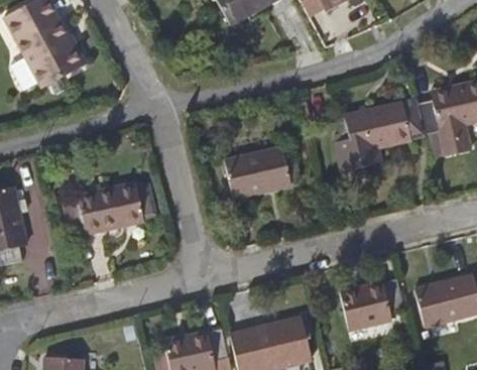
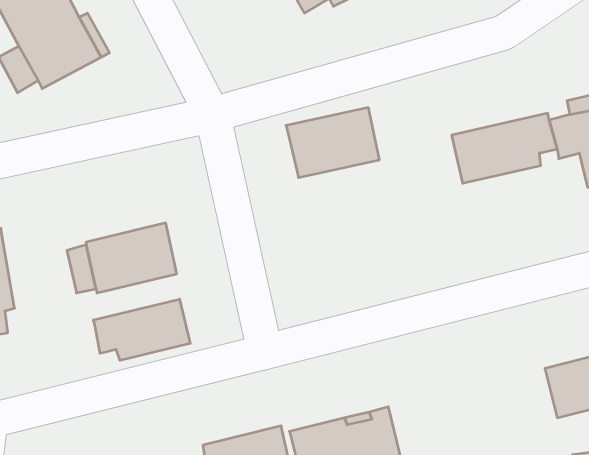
building: [221,147,289,199] -> [286,108,379,178]
building: none -> [93,299,190,360]
building: [339,277,402,331] -> none

